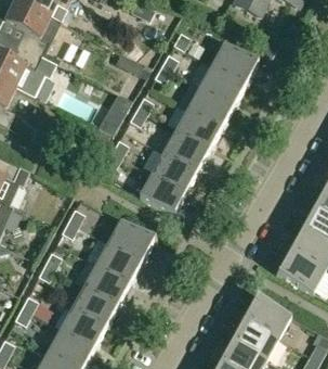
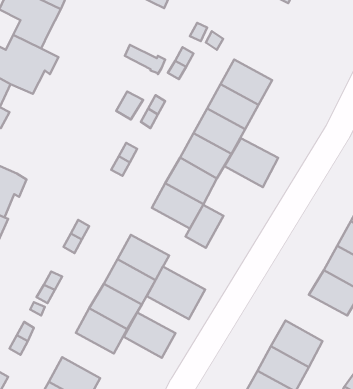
building: [211,43,257,84] -> none
building: none -> [224,138,278,187]
building: none -> [186,205,223,248]
building: none -> [147,267,205,319]
building: [60,307,105,347] -> [124,312,175,358]

